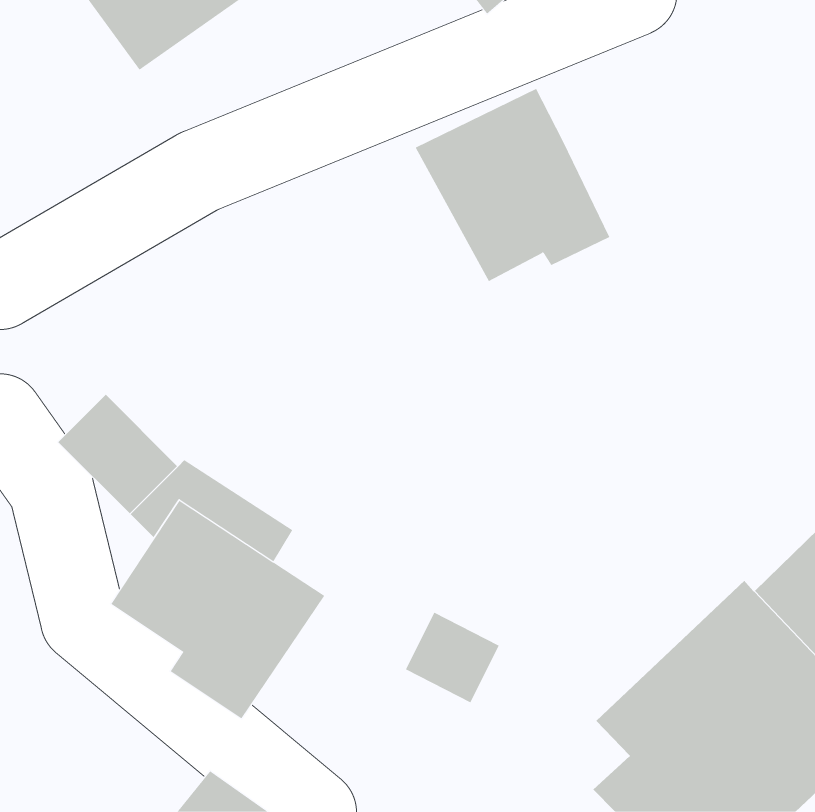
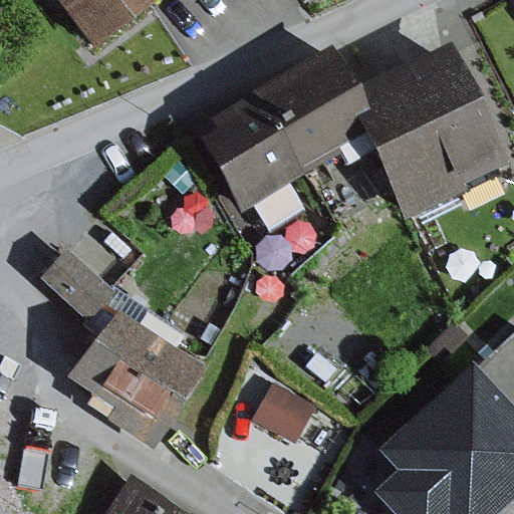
building: none -> [355,42,507,214]
building: none -> [205,92,313,241]

